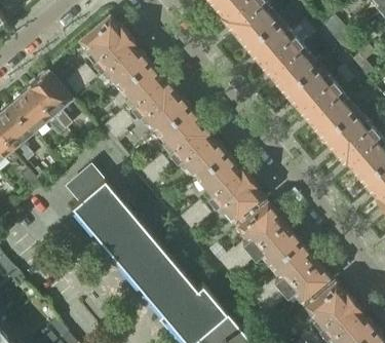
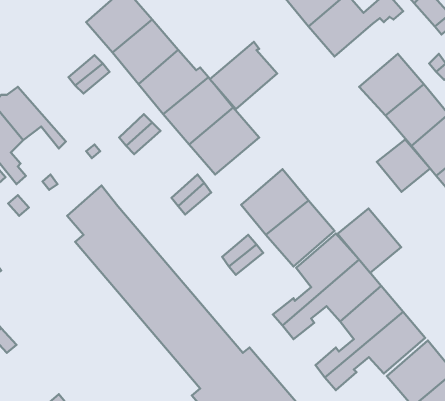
building: [265,42,312,89] -> none
building: [27,71,72,130] -> none
building: [176,127,226,178] -> [210,42,277,109]
building: none -> [377,140,430,192]
building: none -> [338,209,401,273]

